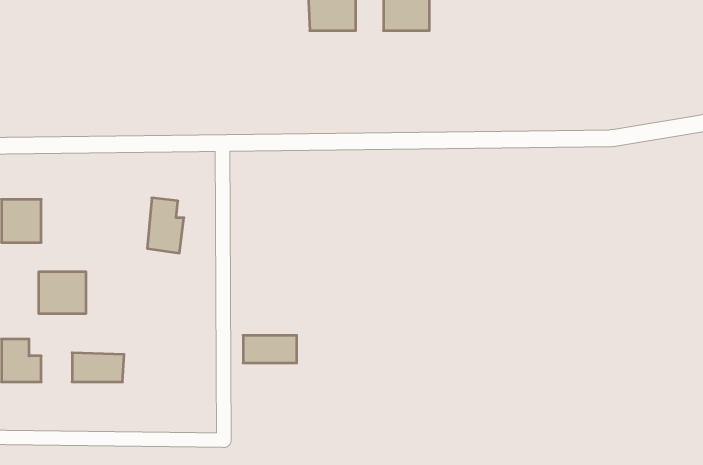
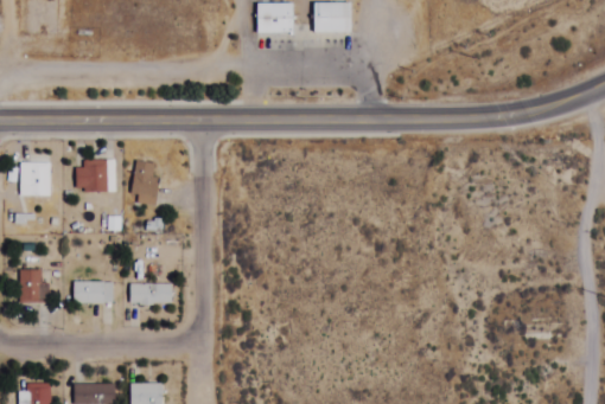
building: [39,272,86,313] -> [78,159,115,191]
building: [243,335,297,363] -> [129,282,171,303]

